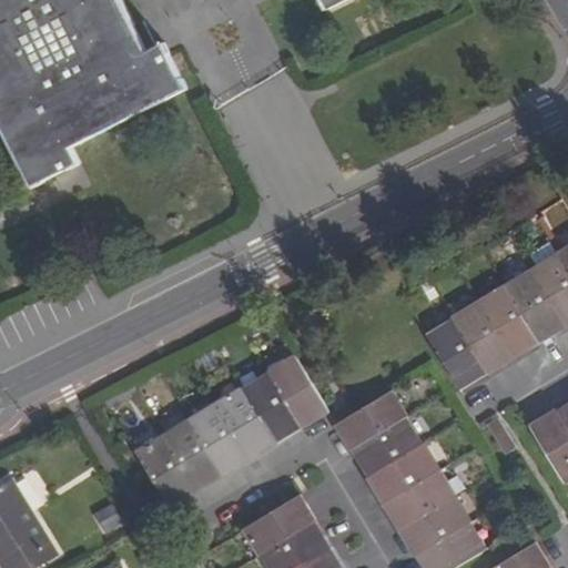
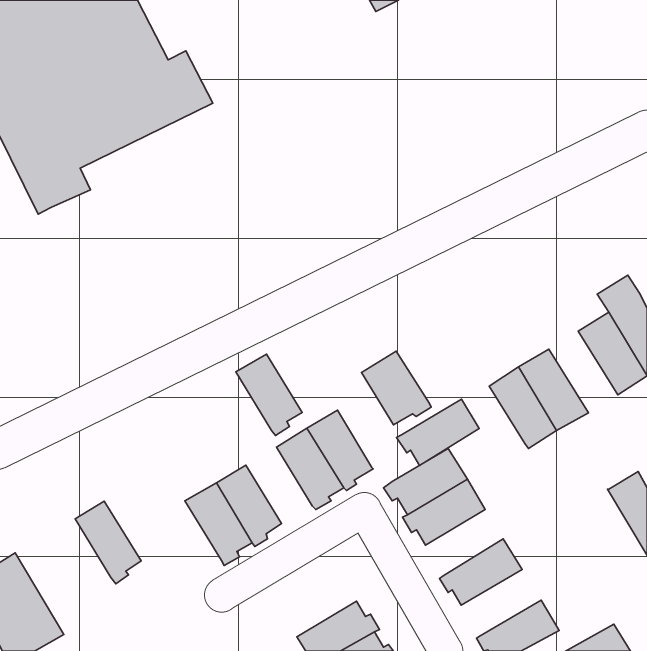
building: [478,288,538,359] -> none
building: none -> [361,351,431,425]
building: [214,389,272,460] -> [236,354,302,436]
building: [135,436,193,508] -> [75,501,141,584]
building: [366,444,438,501] -> [397,399,479,465]
building: [398,496,471,554] -> none
building: [243,497,315,555] -> none

